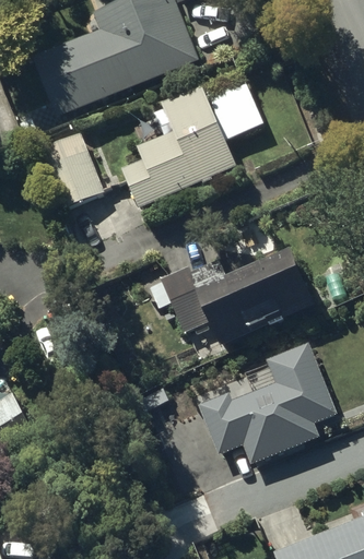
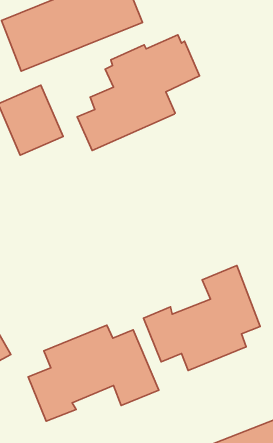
building: [146,249,314,347] -> none
building: none -> [28,325,159,421]

